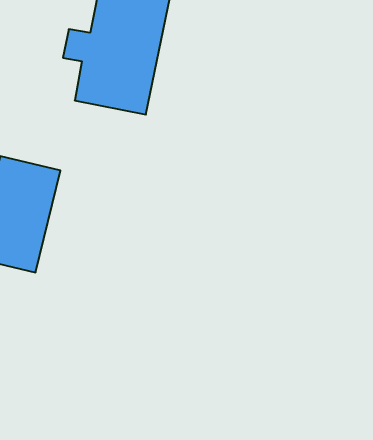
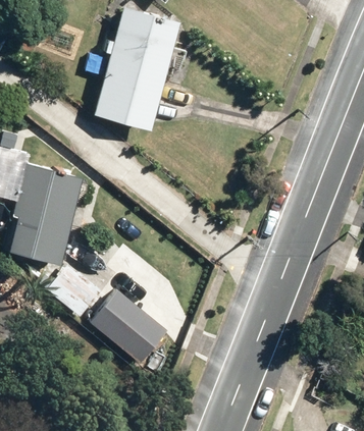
building: none -> [45,264,101,319]
building: none -> [86,287,167,366]

